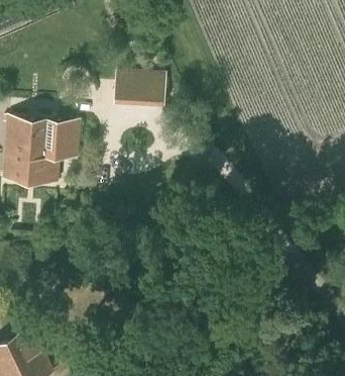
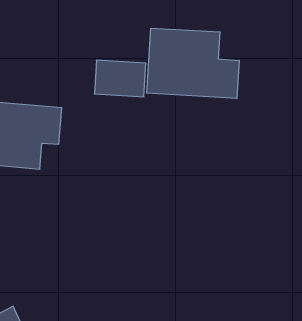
building: none -> [147,28,239,99]

